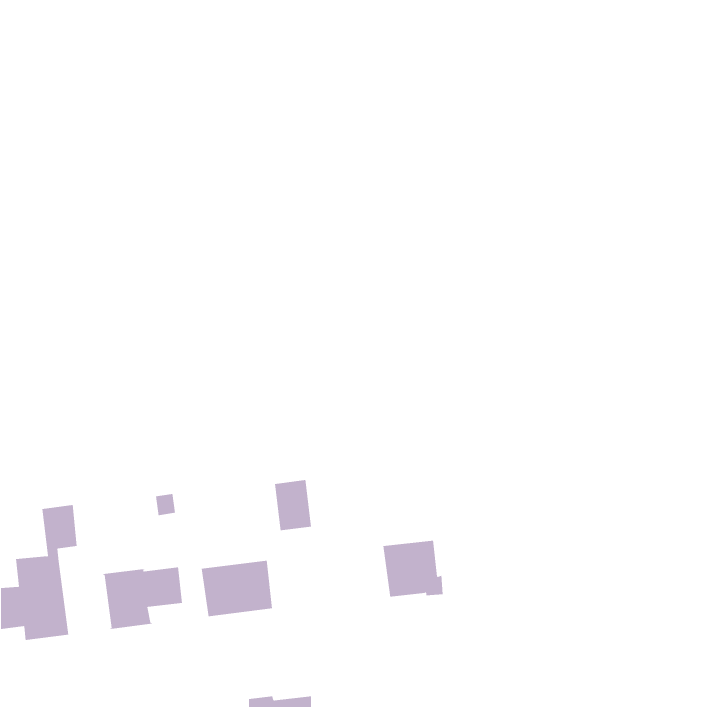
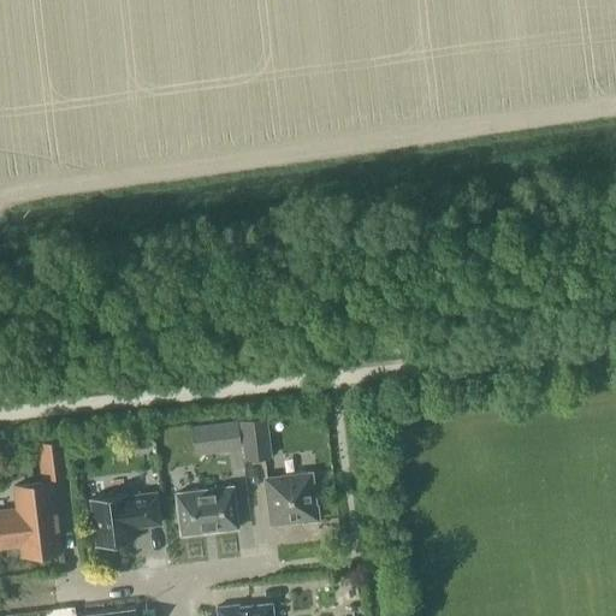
building: none -> [190,421,241,457]
building: [382,540,443,597] -> [265,475,318,525]

